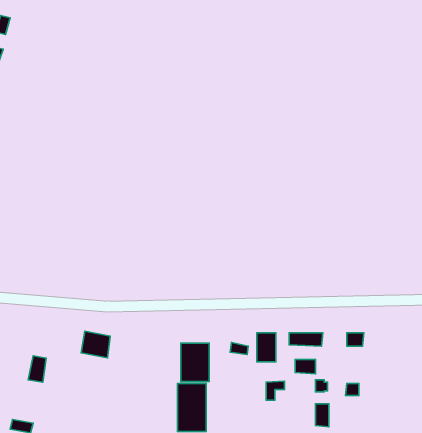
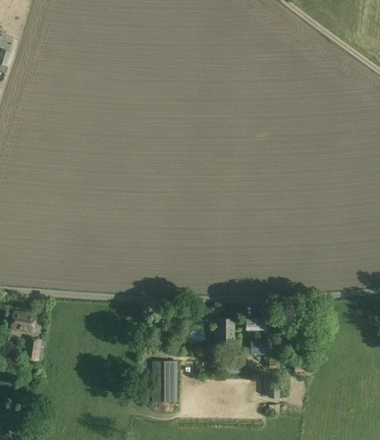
building: [81,331,110,358] -> [10,311,35,333]
building: [181,343,209,381] -> none

